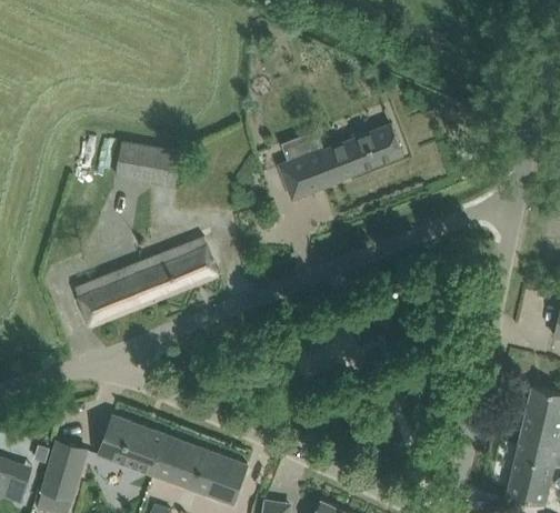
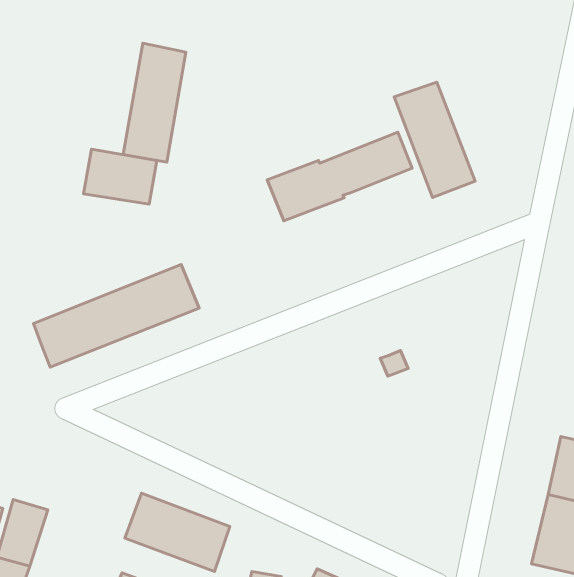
building: none -> [123,43,186,162]
building: none -> [394,82,475,198]
building: [99,416,168,475] -> none

